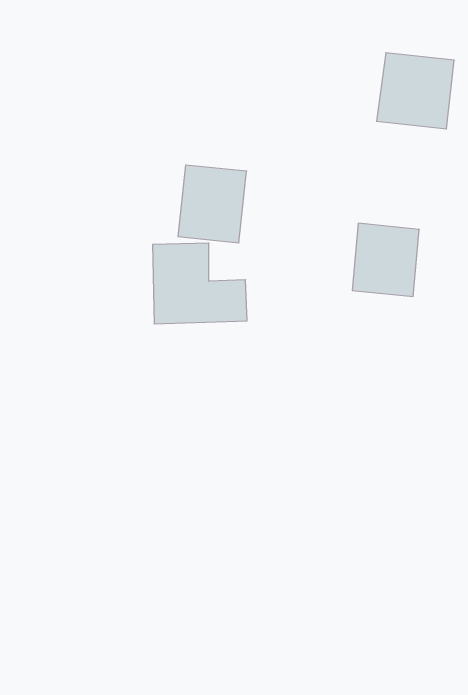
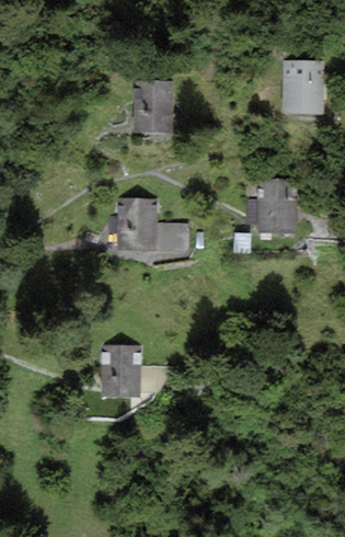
building: [178,165,247,243] -> [131,81,181,137]
building: none -> [99,344,140,397]

